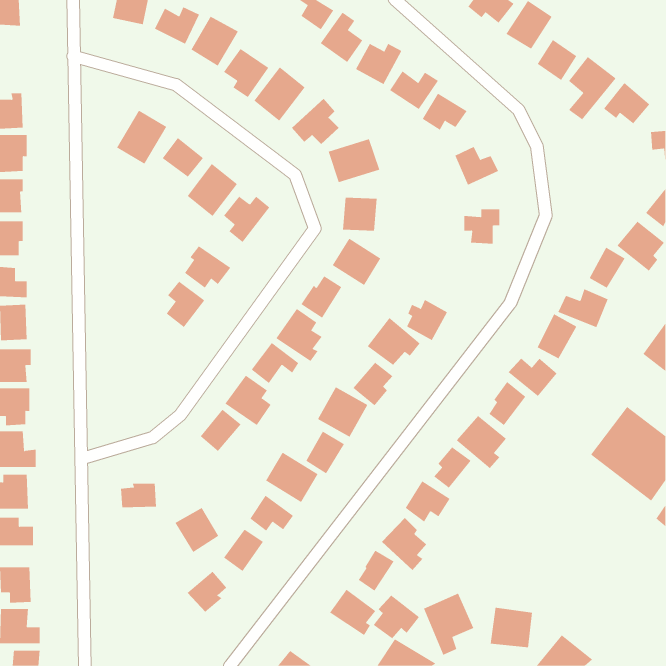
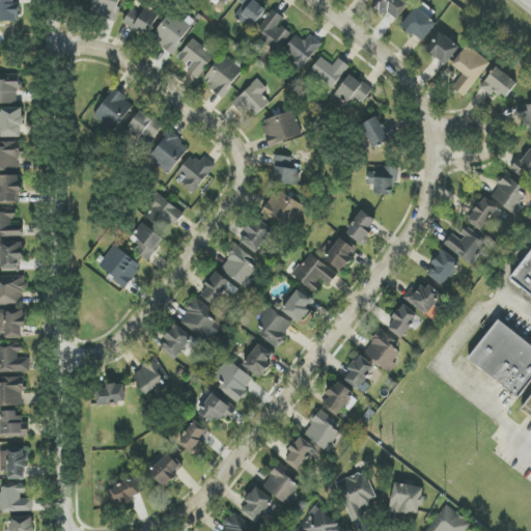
building: none -> [345,209,376,244]
building: none -> [97,245,141,286]
building: [175,507,219,553] -> [131,360,166,396]
building: [373,595,420,639] -> [240,487,277,523]
building: none -> [108,479,139,508]

